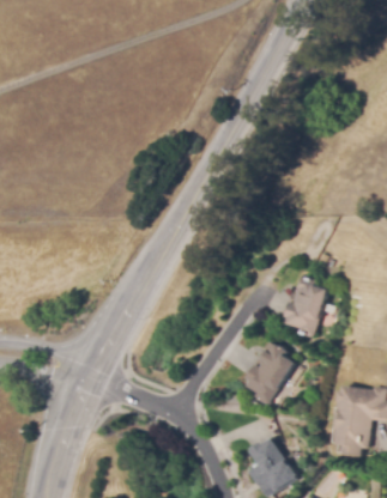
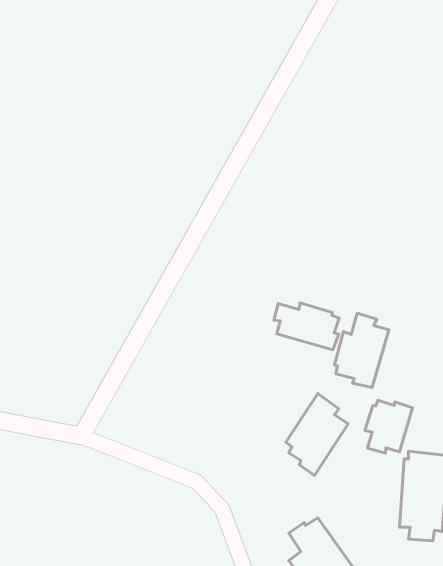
building: none -> [274,303,339,350]
building: none -> [365,400,412,453]

